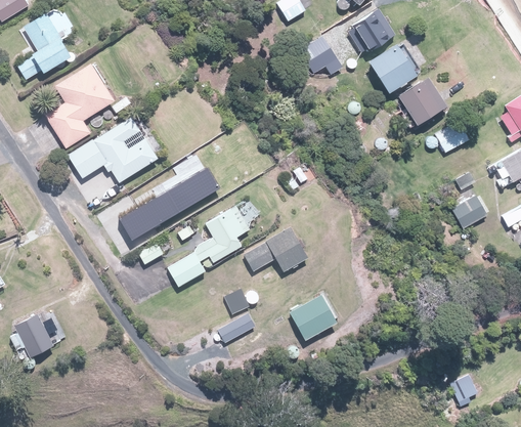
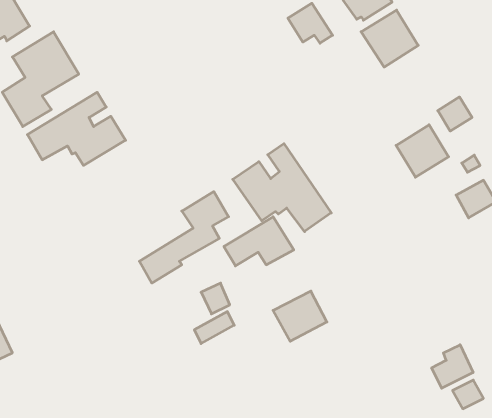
building: [400,78,447,125] -> [396,125,449,177]
building: none -> [233,144,331,232]
building: [119,168,218,241] -> none
building: none -> [432,345,473,388]

